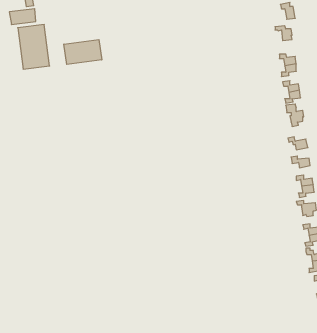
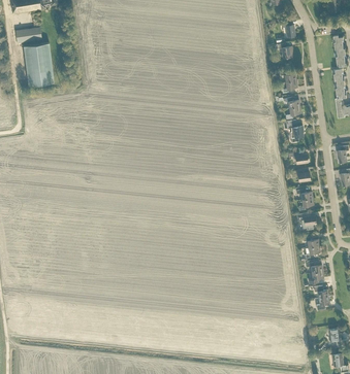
building: [64,40,102,64] -> none

